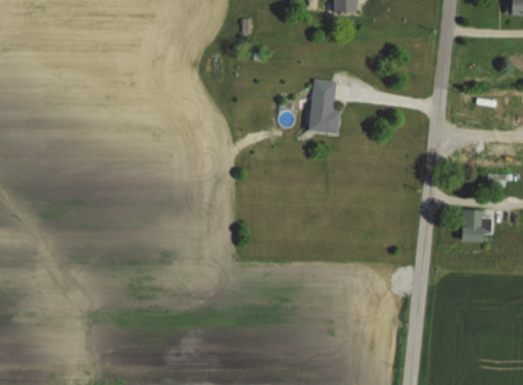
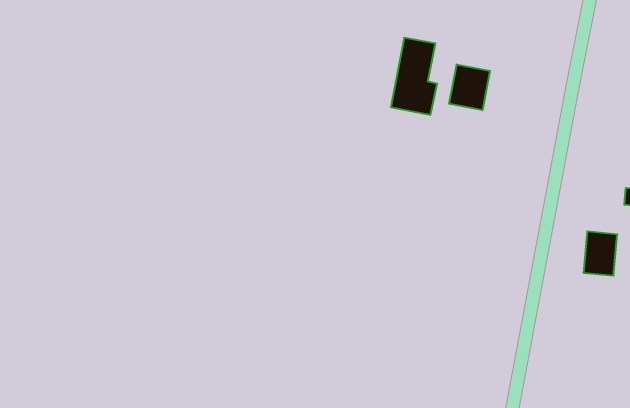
building: none -> [449,64,490,110]

